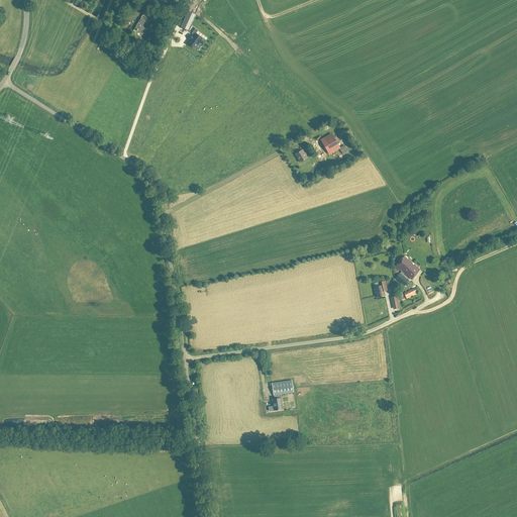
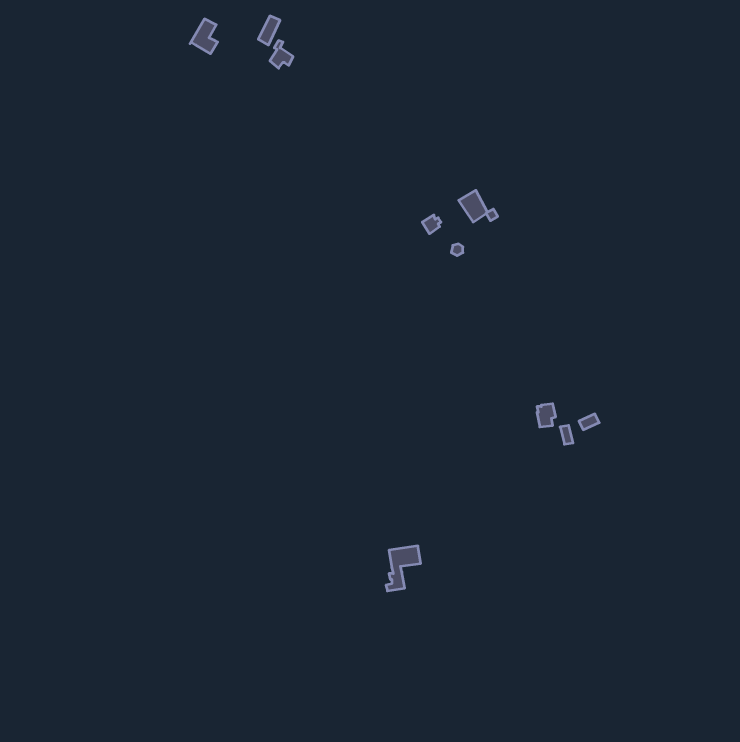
building: [394,256,419,286] -> none

